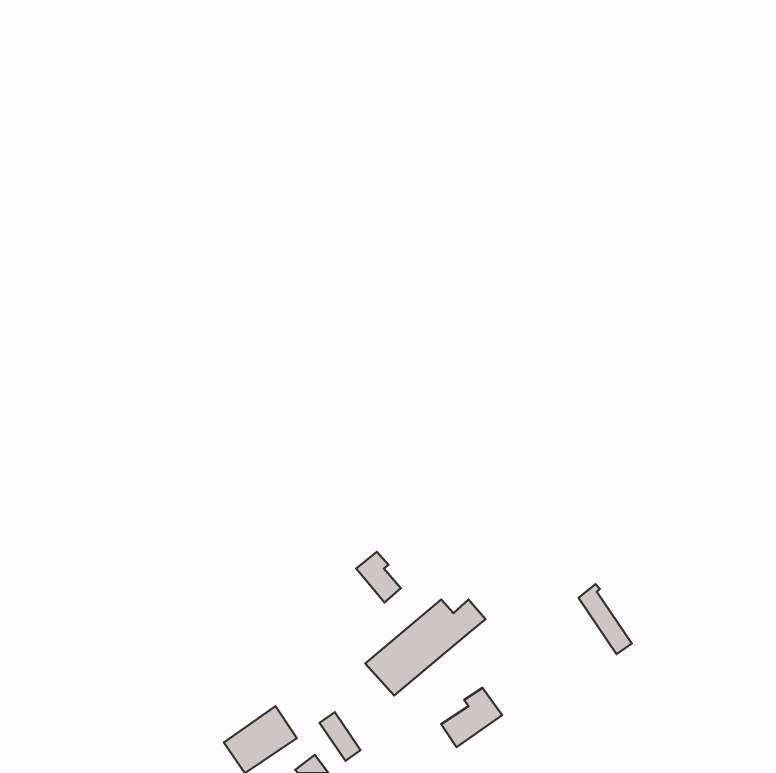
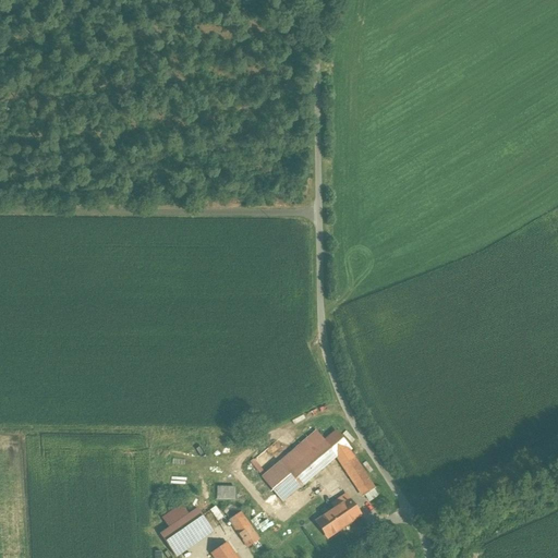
building: [356,552,401,603] -> none
building: [579,584,632,654] -> [336,444,374,494]

